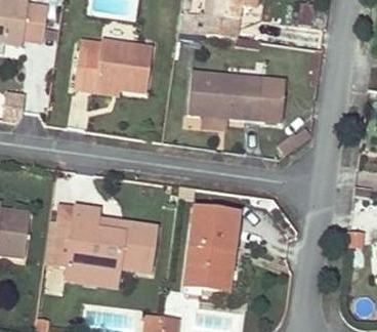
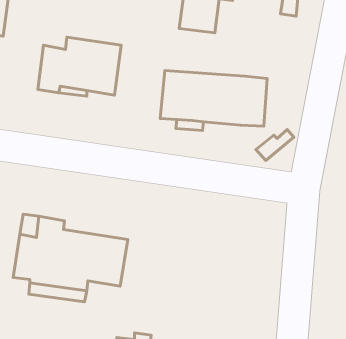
building: [184,208,238,288] -> none

